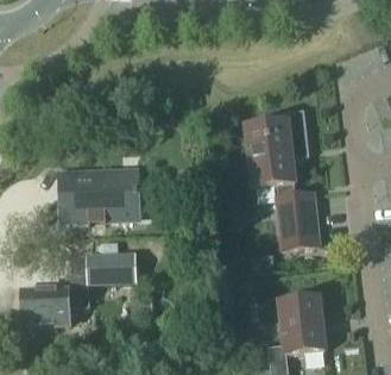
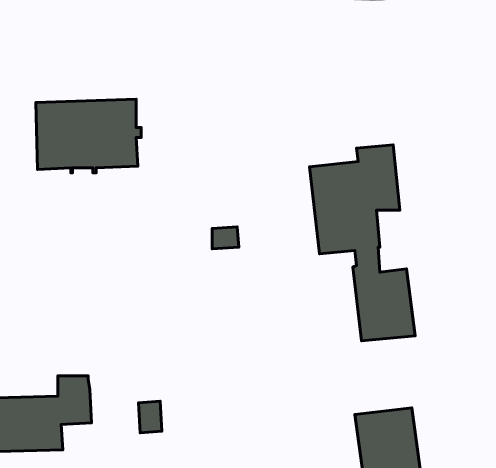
building: [62,169,137,221] -> [36,99,141,173]
building: [86,251,134,282] -> none

